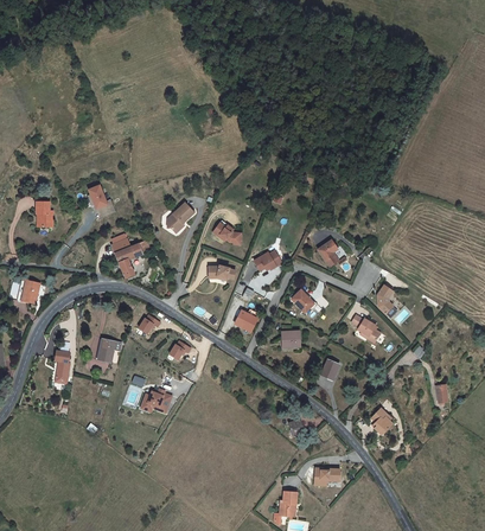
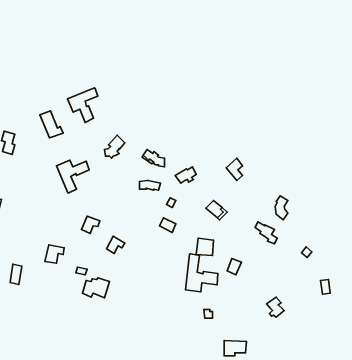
building: none -> [68,88,98,122]
building: none -> [185,254,218,292]

